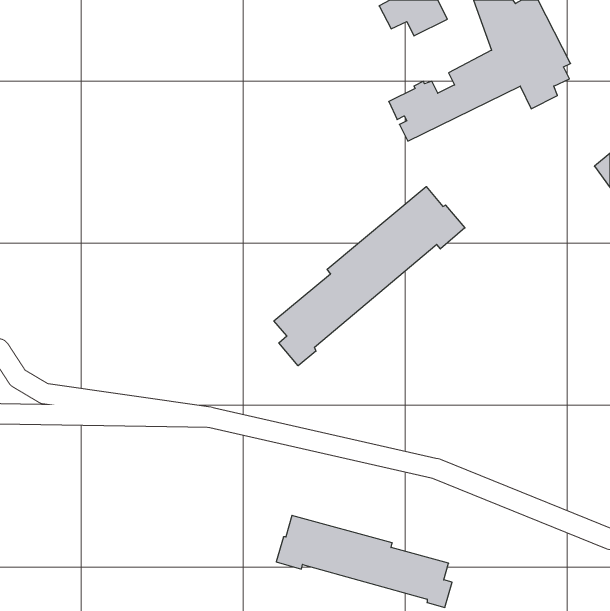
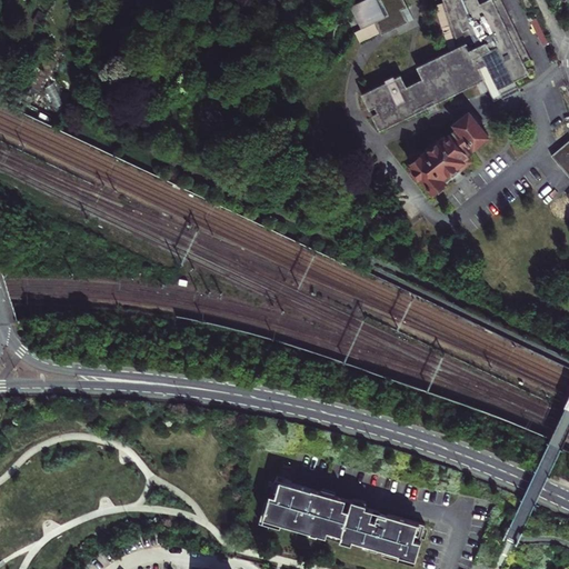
building: none -> [409,112,488,192]
building: [274,187,465,366] -> none

